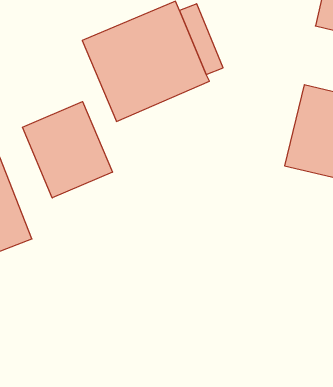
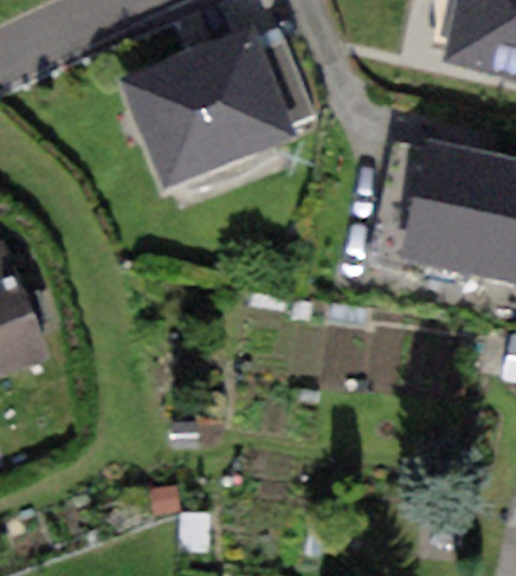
building: [22,102,112,198] -> none

